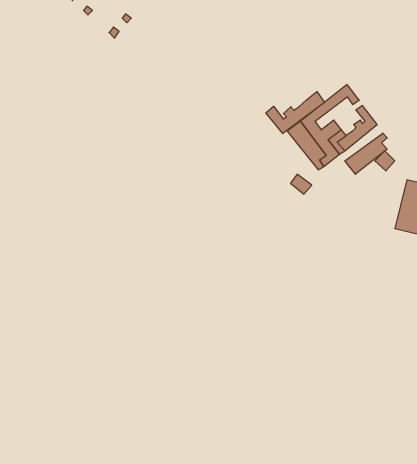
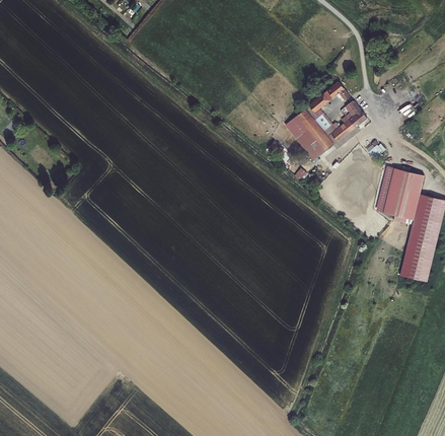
building: [266,92,325,134] -> none
building: [345,133,387,174] -> none

